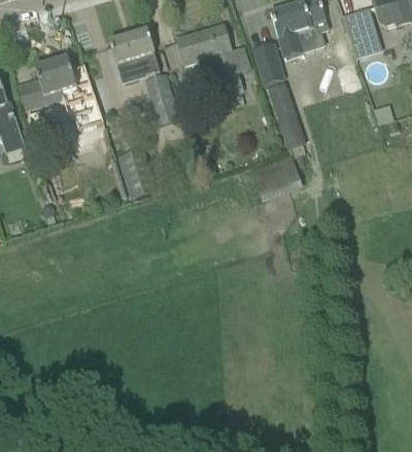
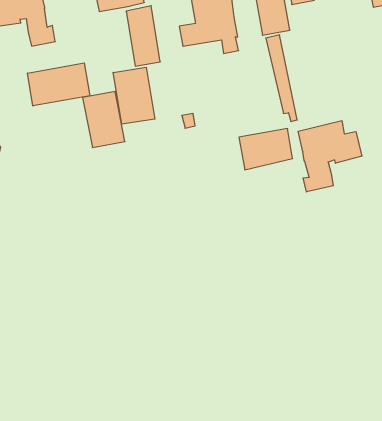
building: none -> [113,67,155,124]
building: none -> [28,63,90,106]
building: none -> [298,121,362,192]

